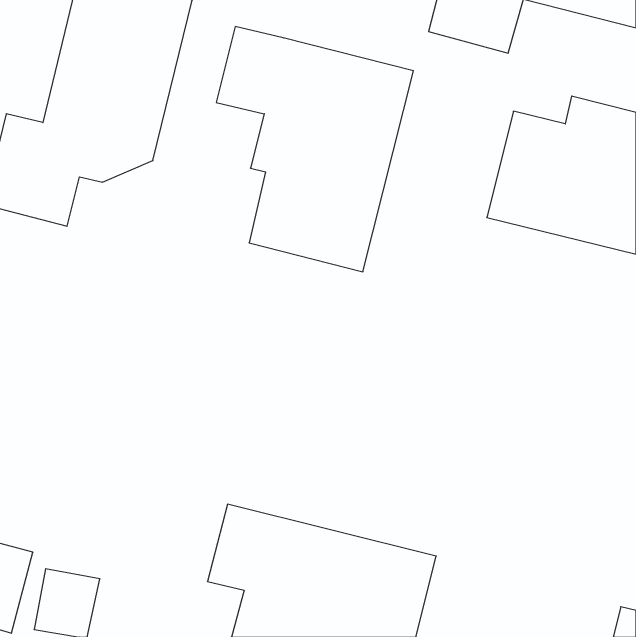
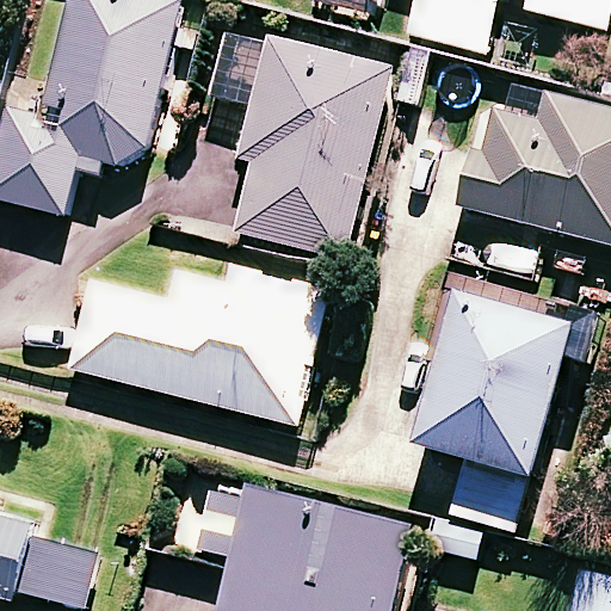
building: none -> [69,267,327,421]
building: none -> [416,295,594,556]

